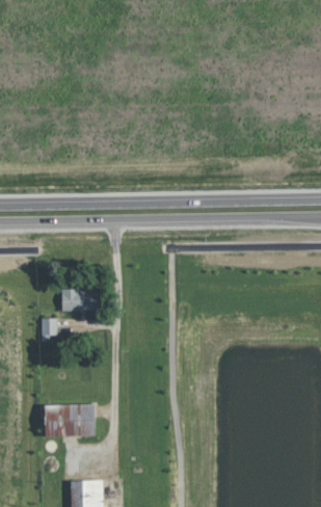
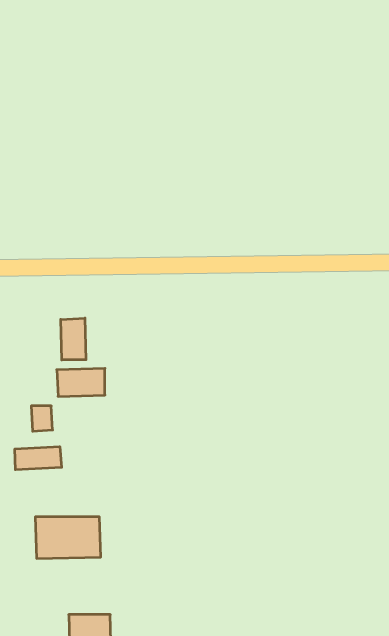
building: none -> [61,318,86,360]
building: none -> [15,447,62,470]

